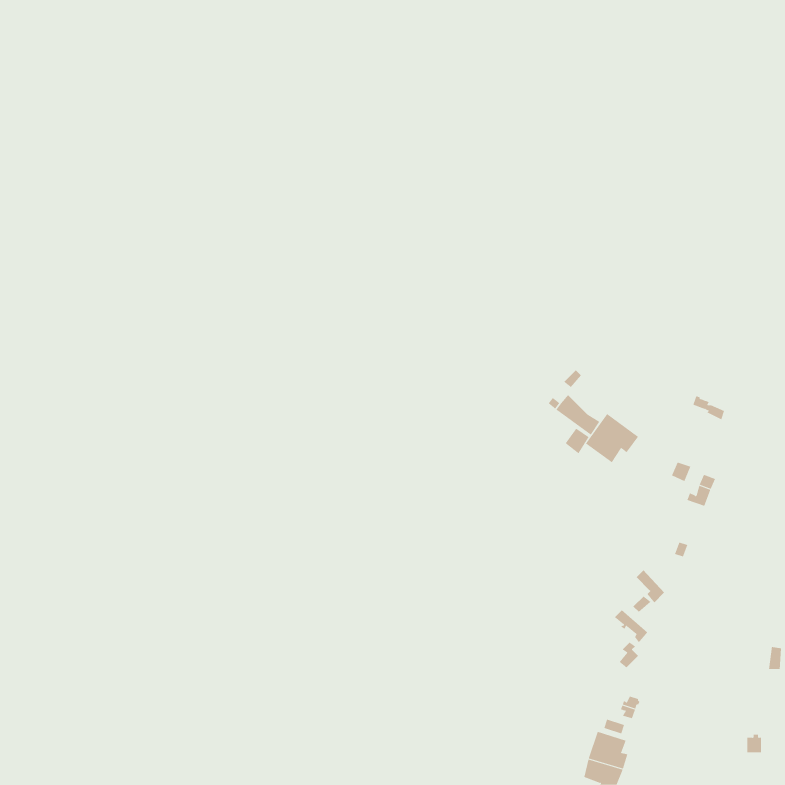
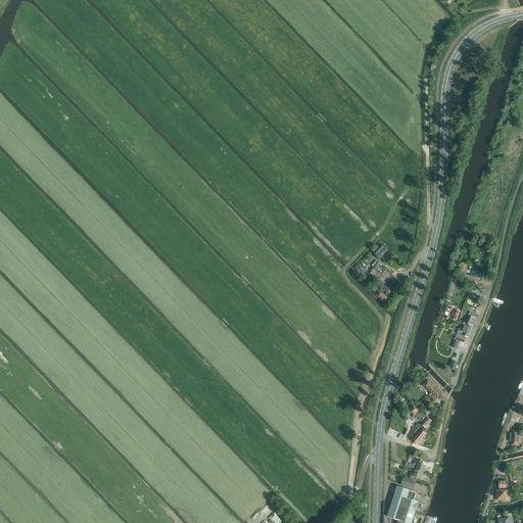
building: [585,413,639,463] -> none

